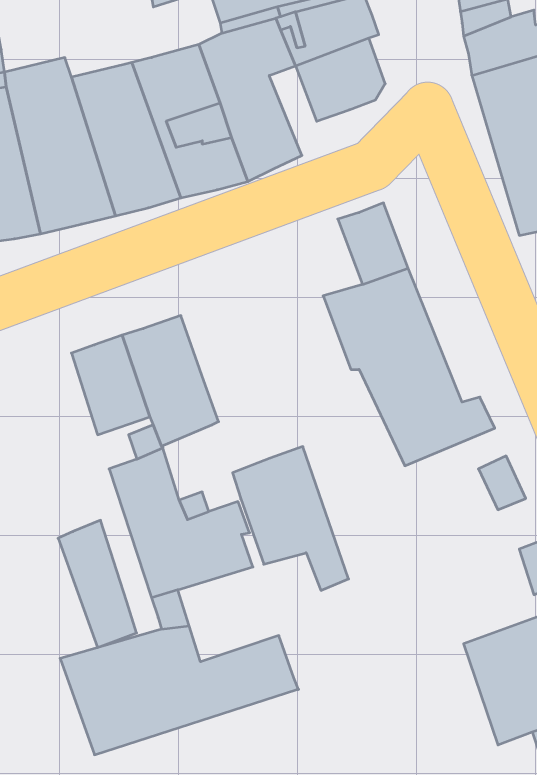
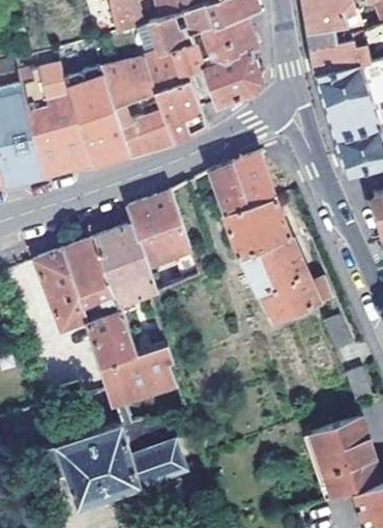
building: none -> [207,168,246,216]
building: [233,447,349,590] -> [126,196,200,287]
building: [58,520,137,648] -> [35,253,85,333]

